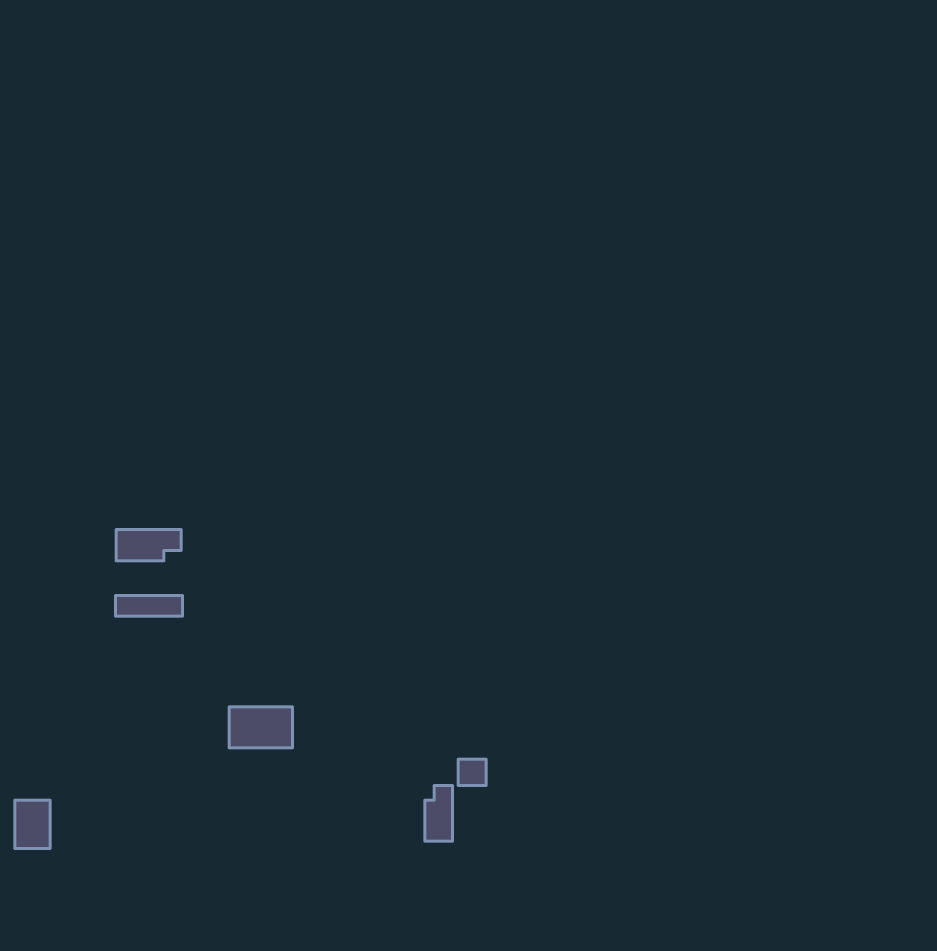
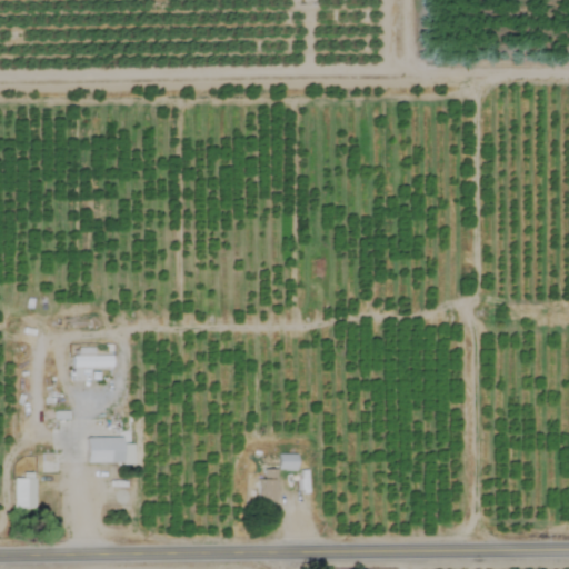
building: [116,530,181,561] -> none
building: [229,707,292,748] -> [89,438,127,462]

